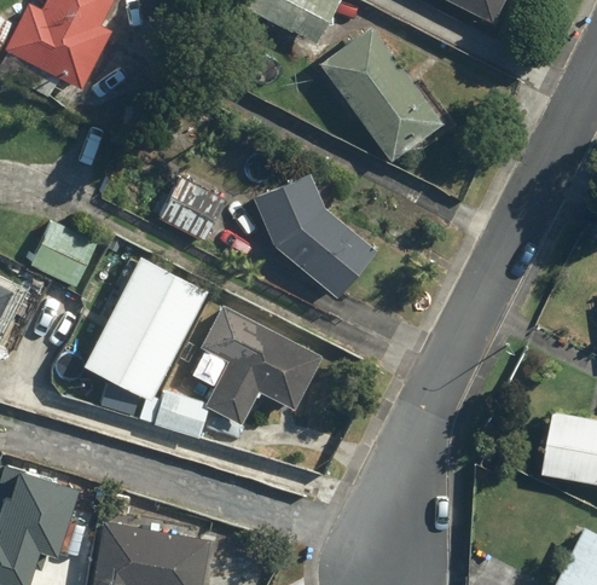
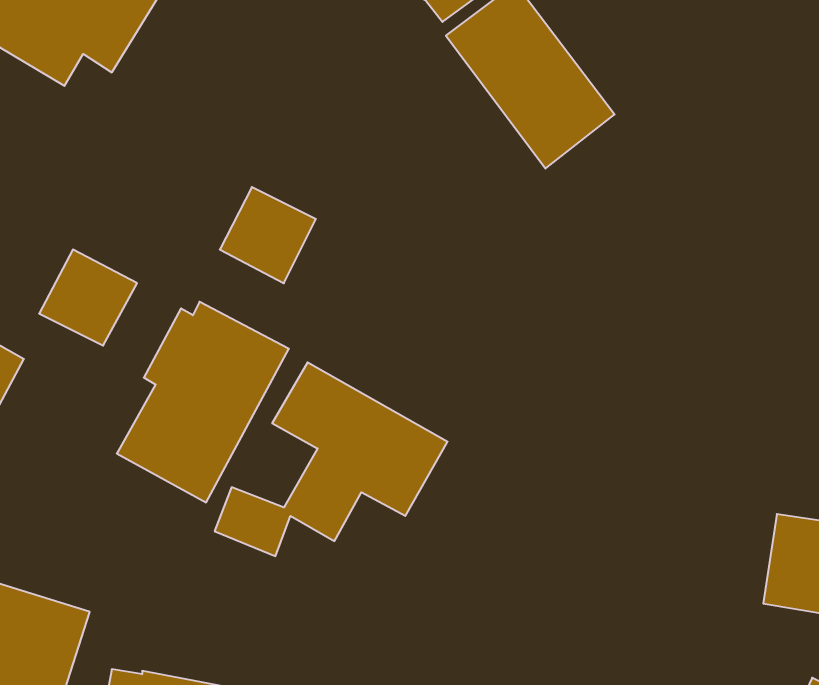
building: [253,173,375,299] -> none

